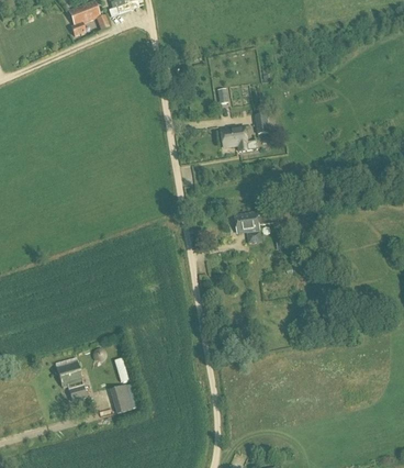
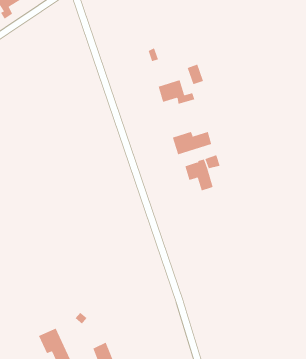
building: none -> [172,131,212,155]

